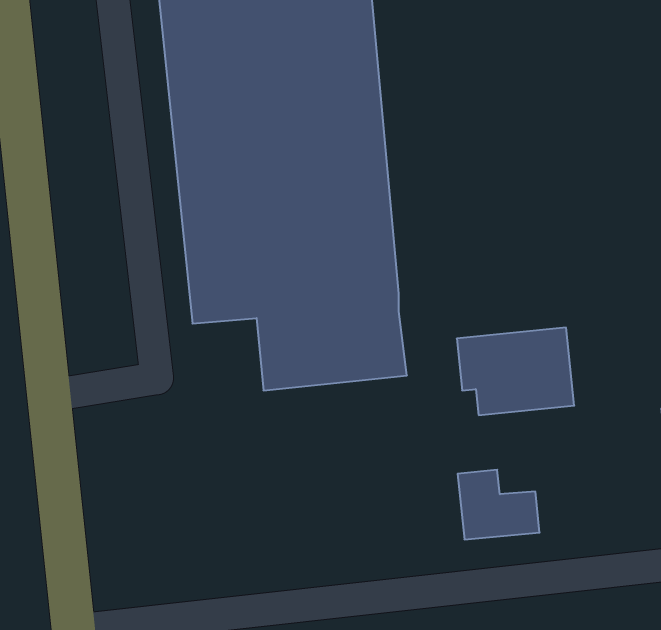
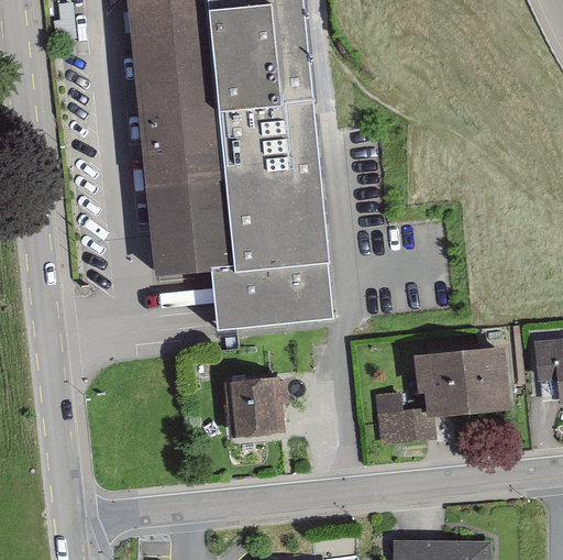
building: [457,328,574,415] -> [421,345,516,416]
building: none -> [224,377,288,441]

